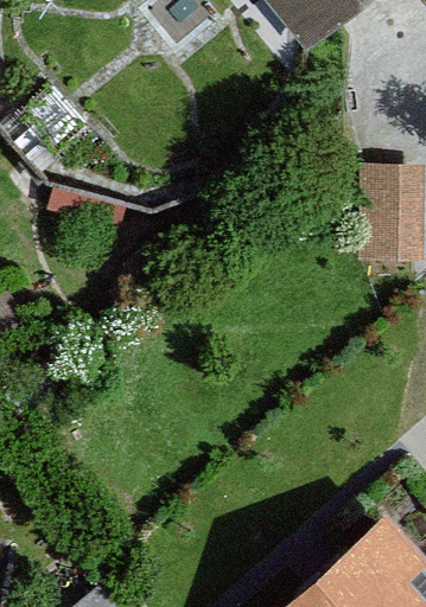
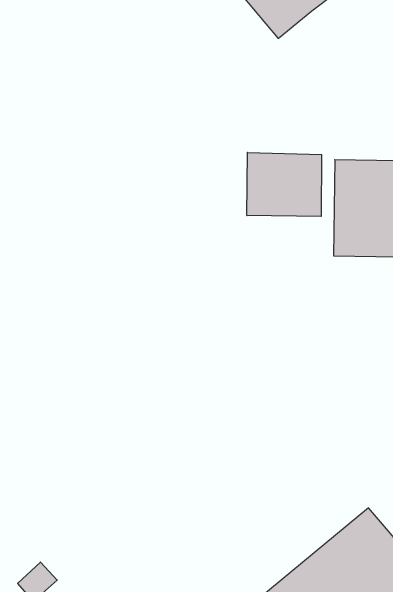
building: none -> [247,152,322,216]

